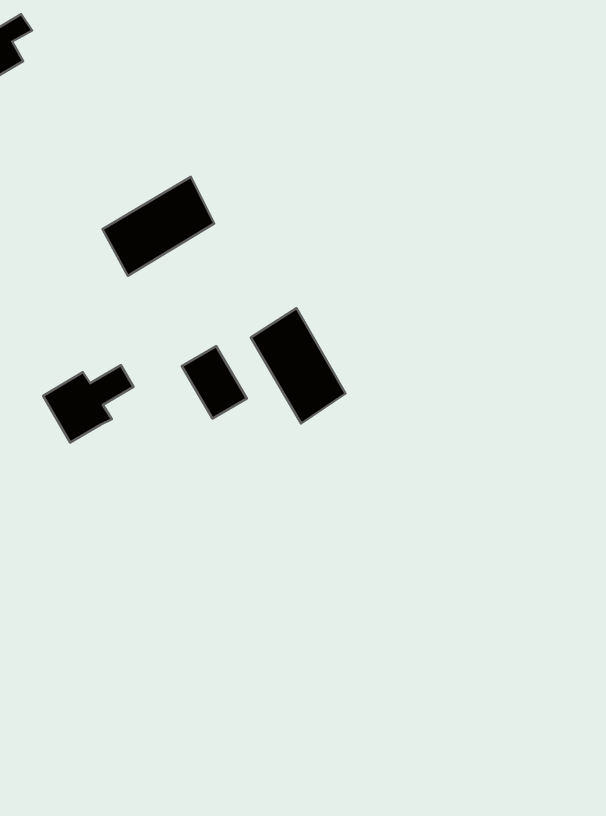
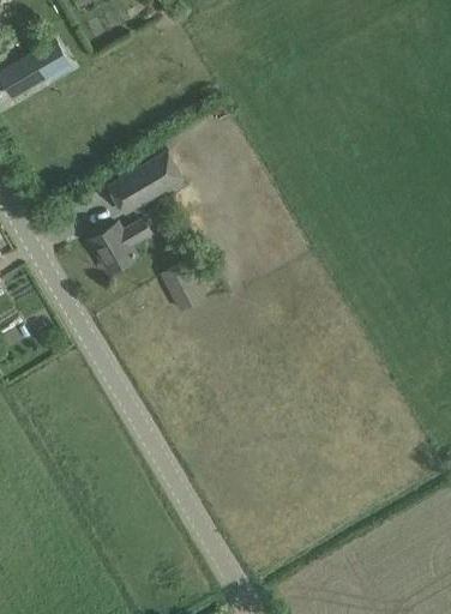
building: [251,308,345,424] -> none
building: [43,365,133,443] -> [89,221,149,272]

